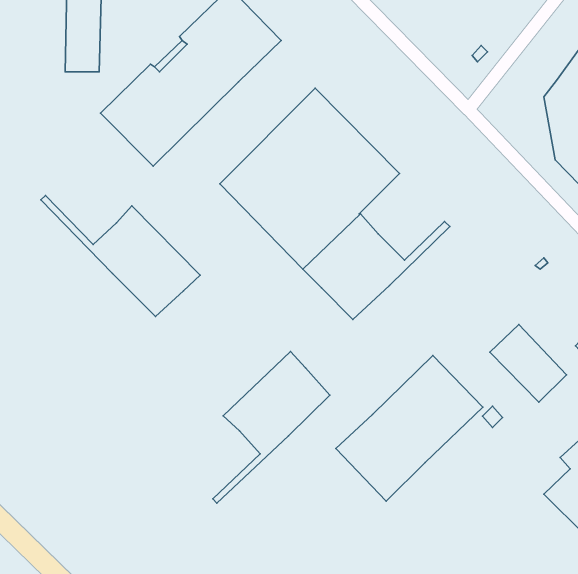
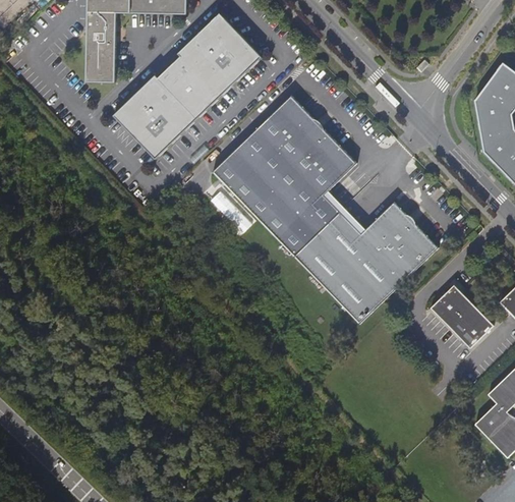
building: [41,196,200,316] -> none
building: [213,351,330,503] -> none
building: [336,356,483,501] -> [320,206,439,324]

